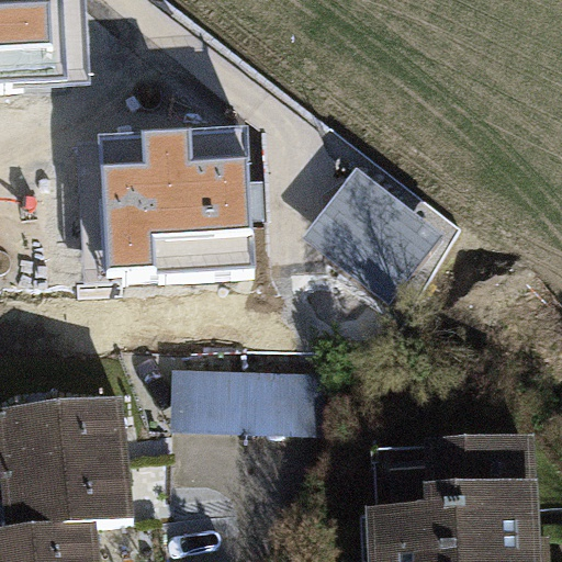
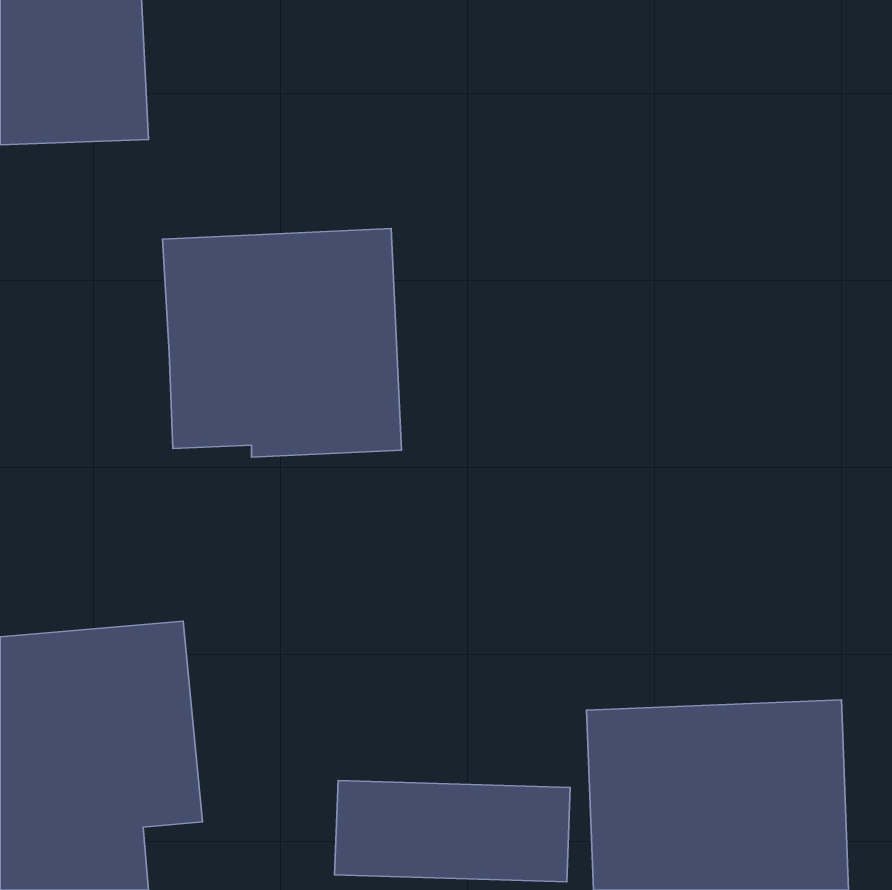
building: [305,168,439,299] -> none
building: [172,372,321,436] -> [335,781,570,882]

